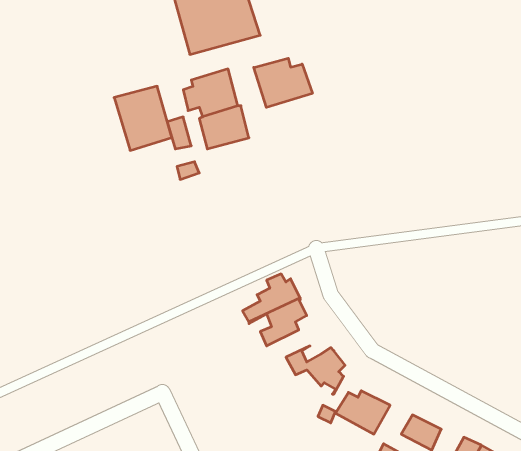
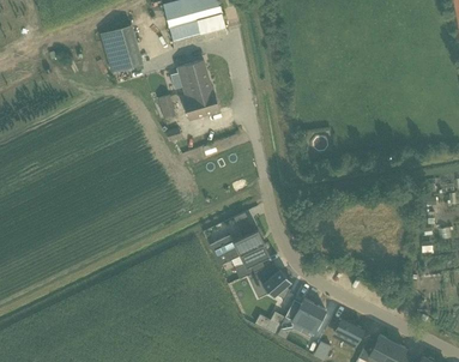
building: [254,58,312,107] -> none
building: [114,86,172,150] -> [98,24,141,72]

